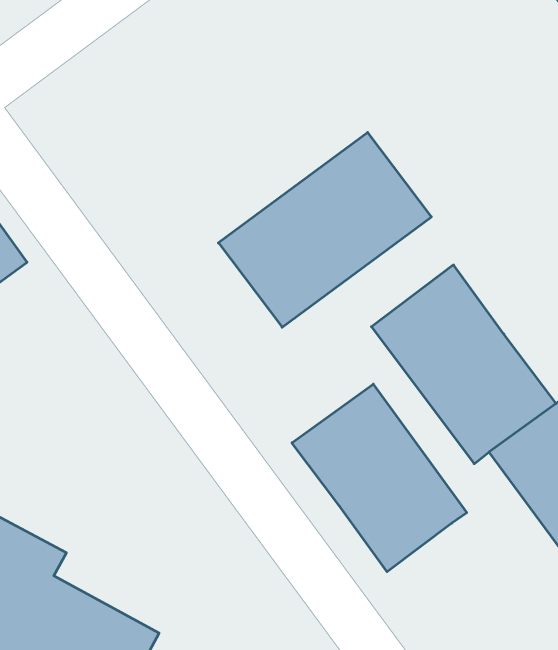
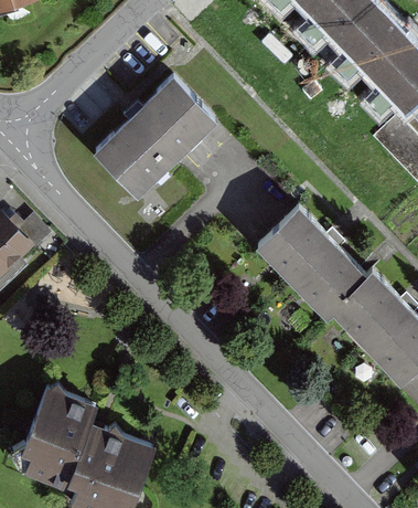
building: [218,132,431,327] -> [93,80,214,199]
building: [292,384,467,572] -> none

